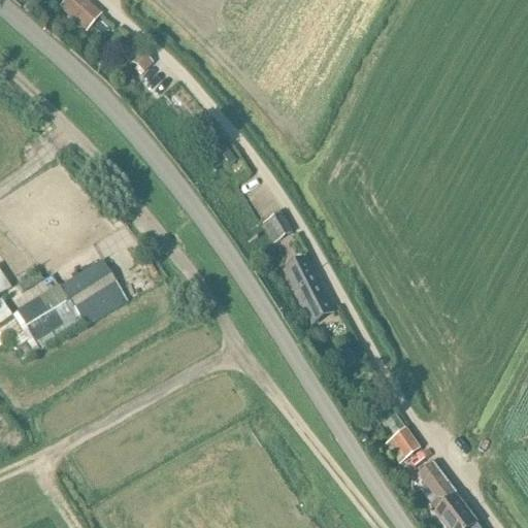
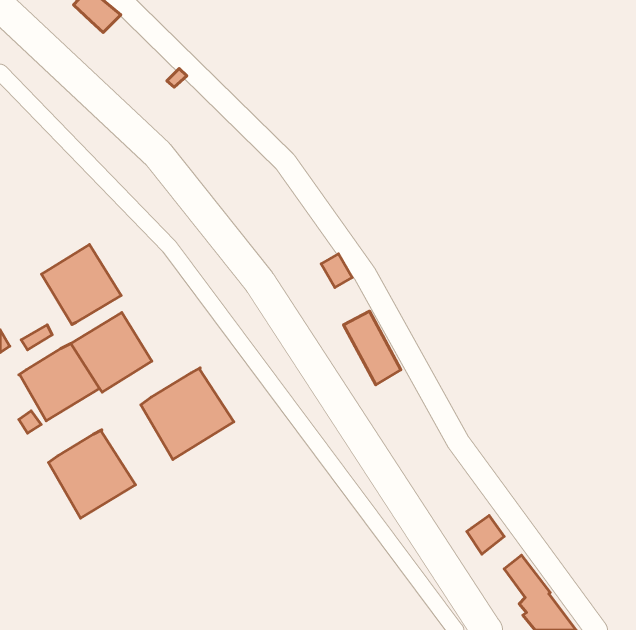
building: none -> [41,245,121,325]
building: none -> [141,368,234,459]
building: none -> [48,430,136,518]

